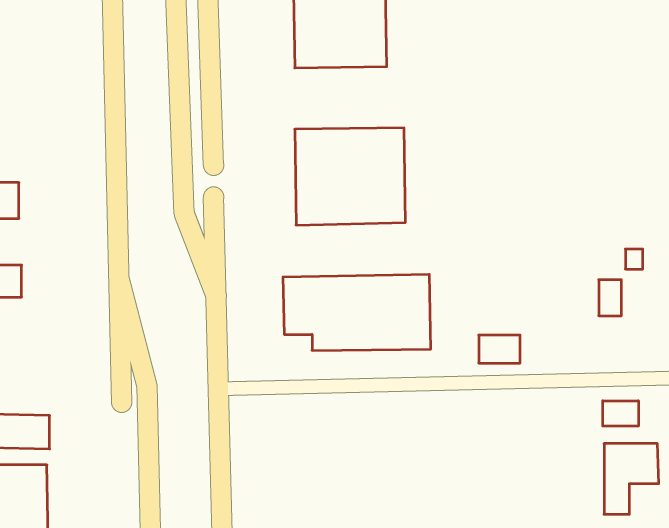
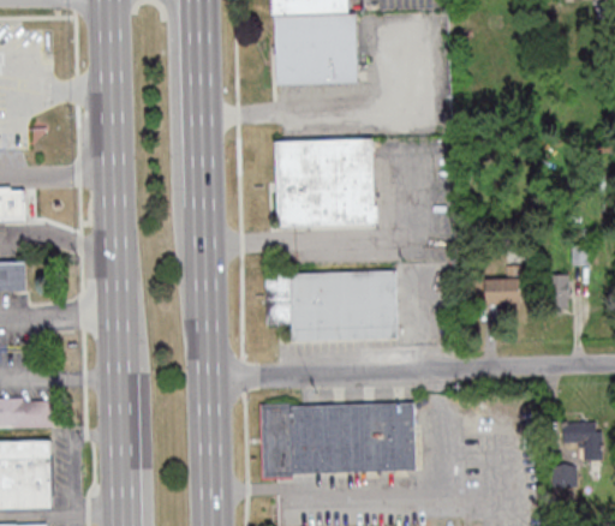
building: [479,335,520,363] -> [485,279,523,304]
building: [603,401,638,426] -> none
building: none -> [261,402,414,473]

